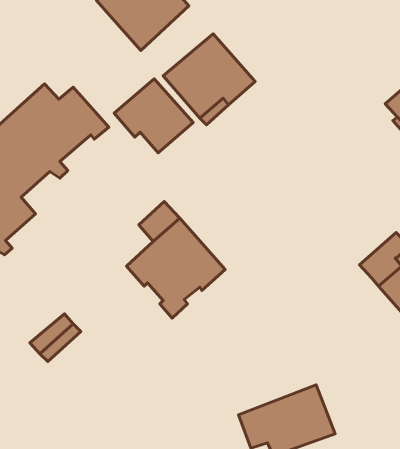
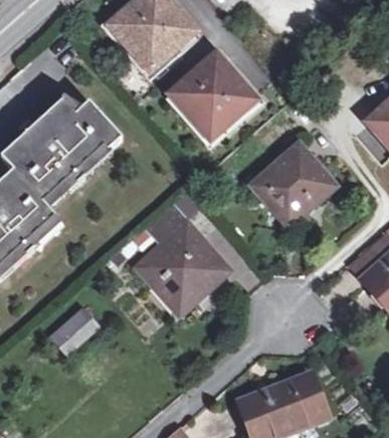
building: [114,79,193,153] -> none
building: none -> [252,147,336,226]

